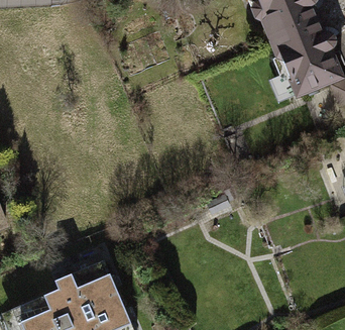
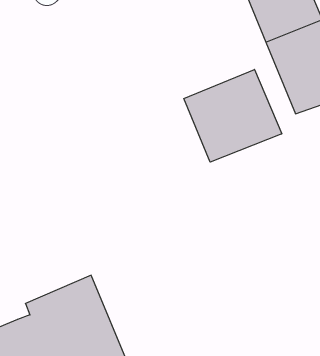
building: none -> [184,69,282,162]

